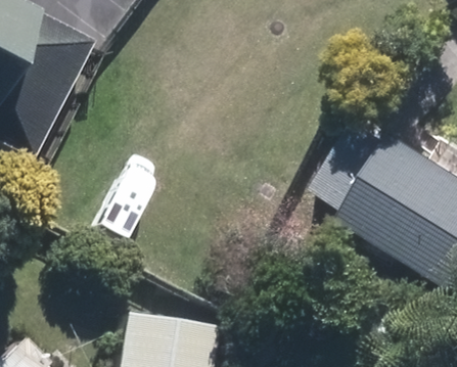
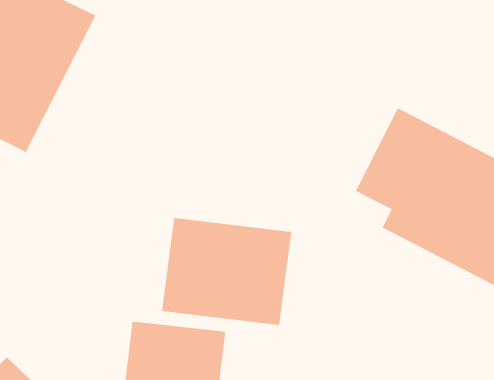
building: none -> [161,217,292,326]

